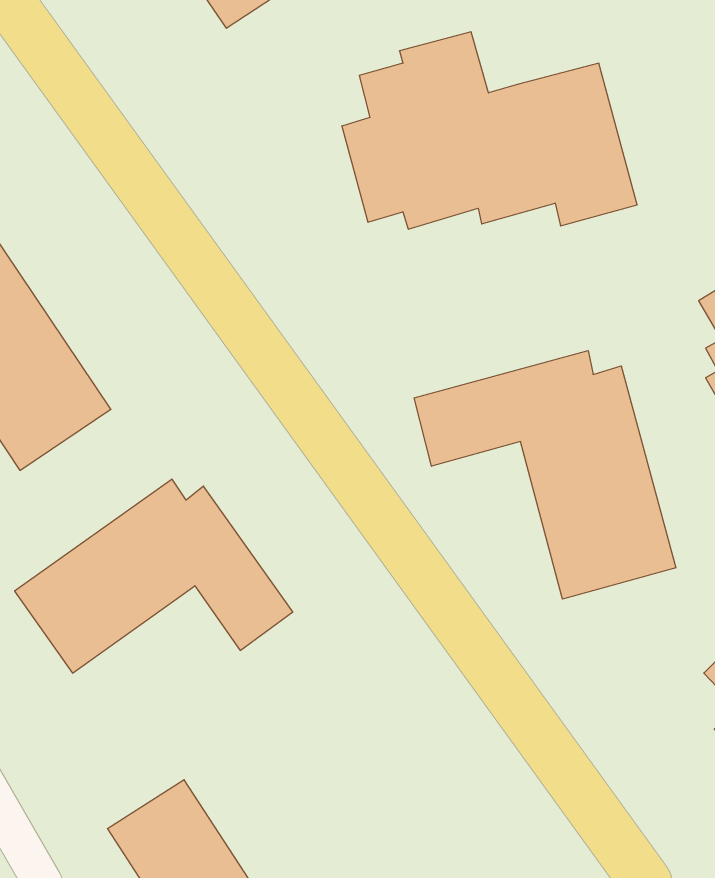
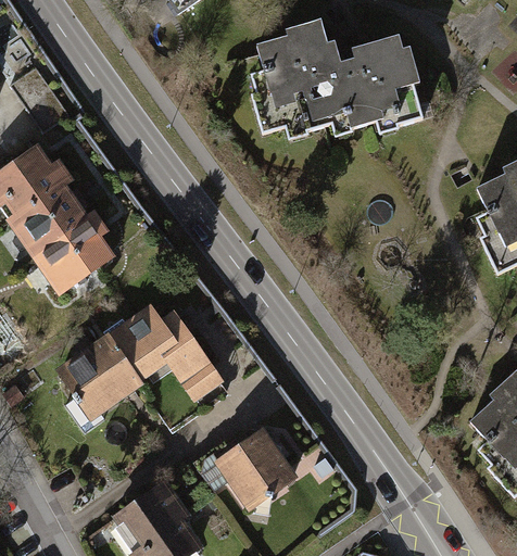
building: [414,351,676,599] -> none
building: none -> [211,430,289,509]

